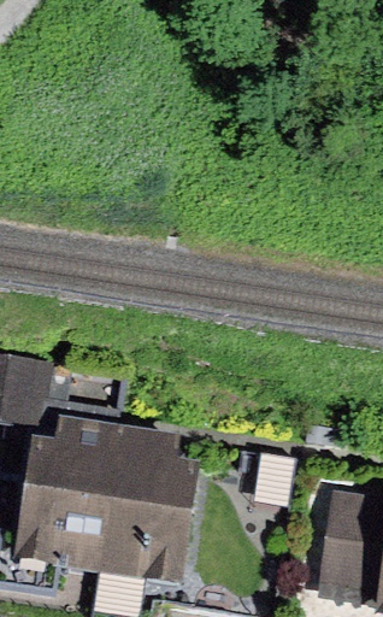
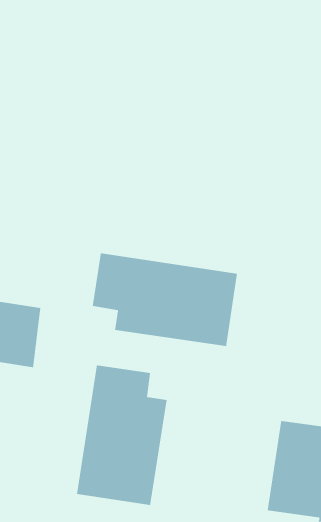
building: none -> [92,252,238,347]
building: [12,417,117,576] -> none

